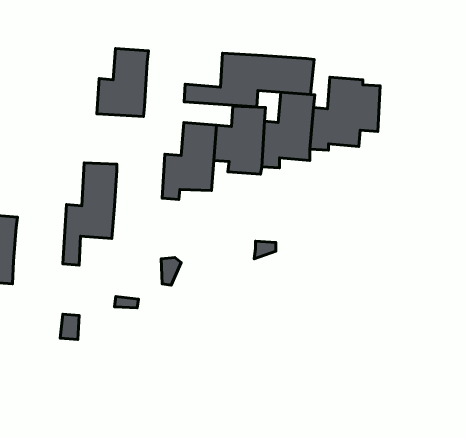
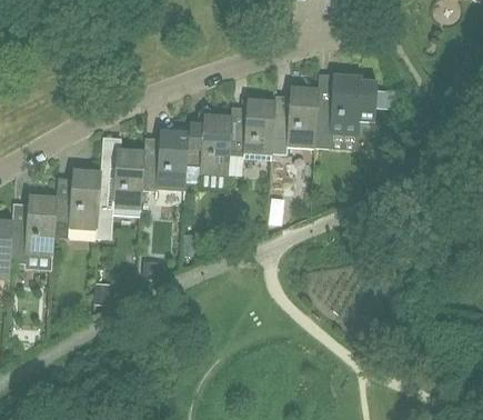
building: [97,48,148,116] -> [142,129,188,189]
building: [184,53,314,107] -> none
building: none -> [53,169,101,238]

